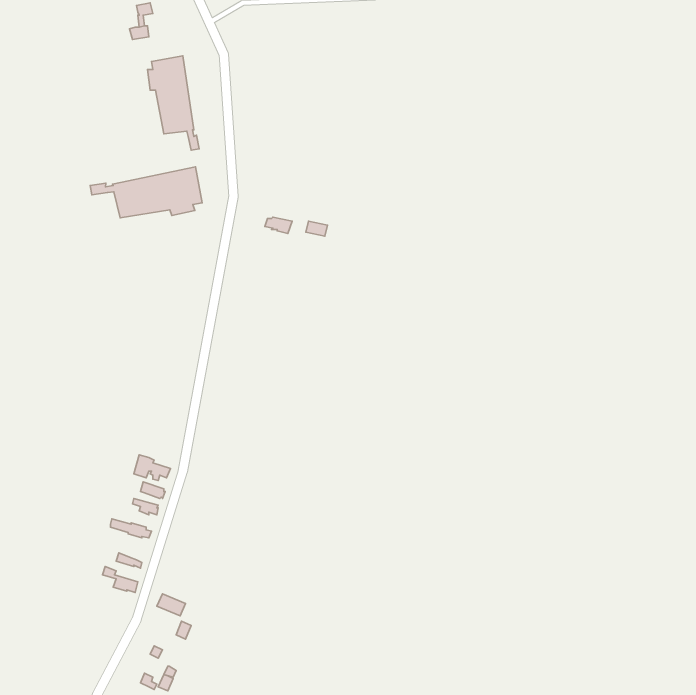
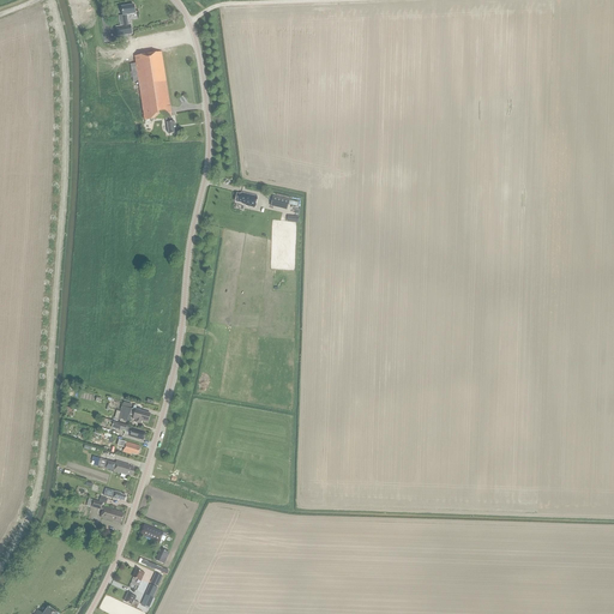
building: [90,167,202,218] -> none

